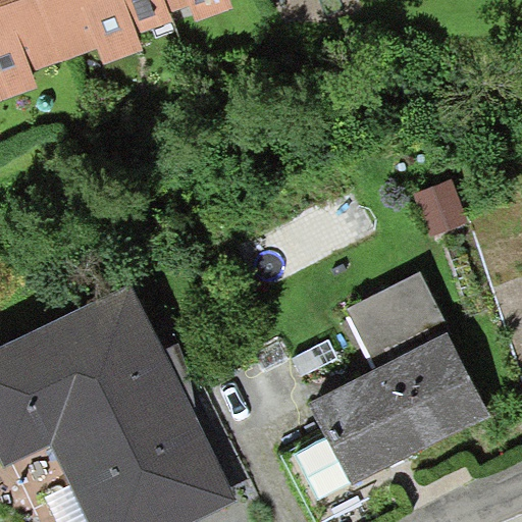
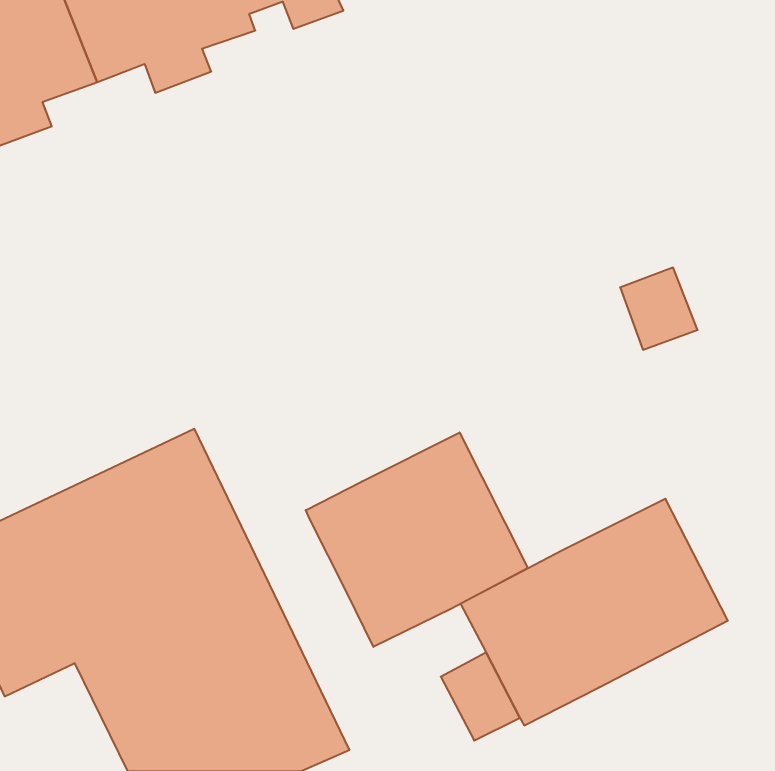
building: [347,272,451,369] -> none
building: none -> [306,432,528,647]

